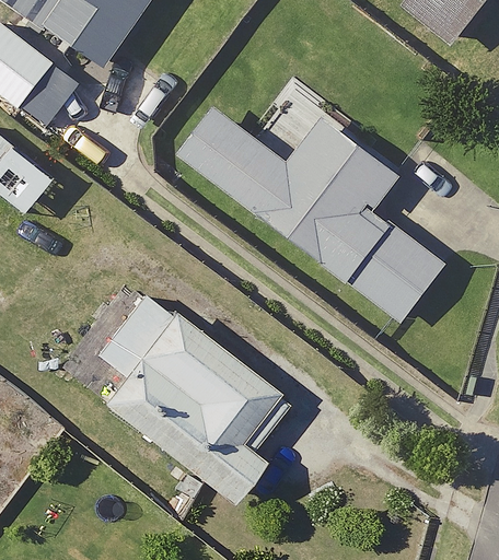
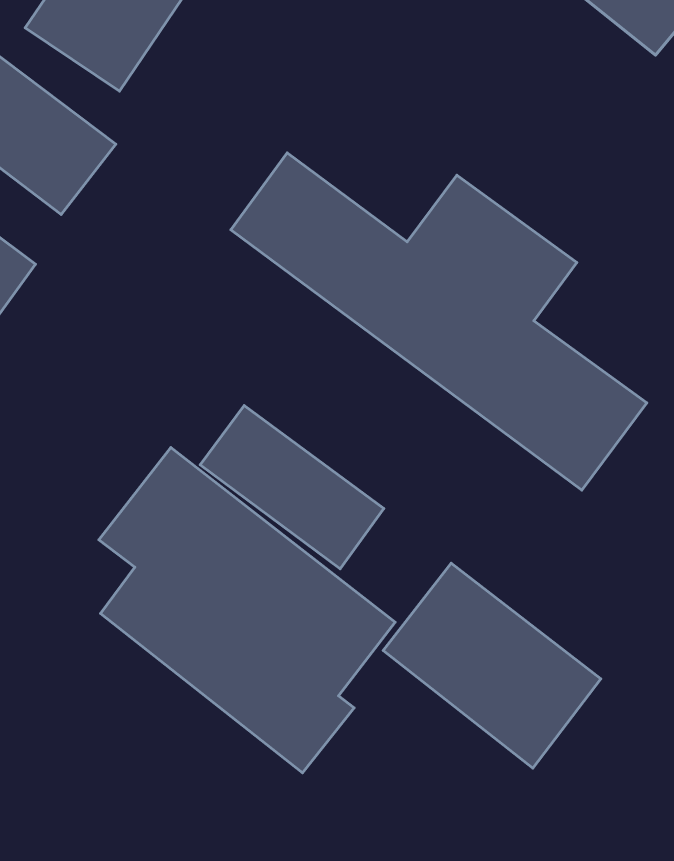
building: none -> [200,406,384,569]
building: none -> [383,563,601,768]

